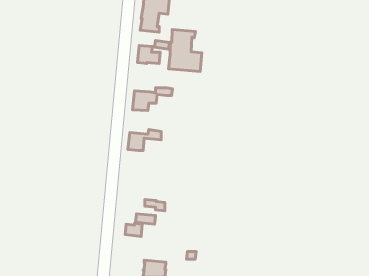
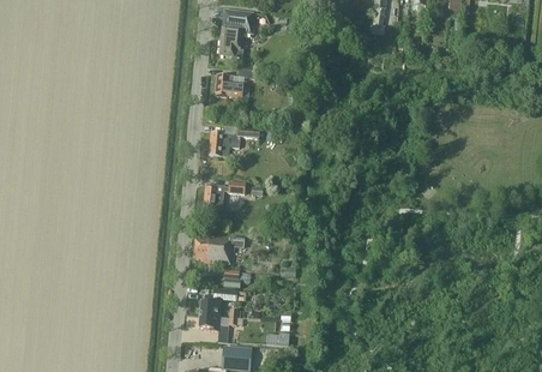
building: [168,29,202,71] -> none
building: none -> [194,233,233,263]
building: none -> [200,313,230,342]

